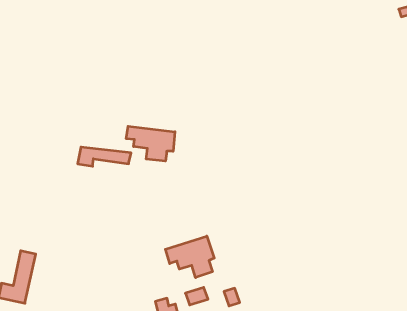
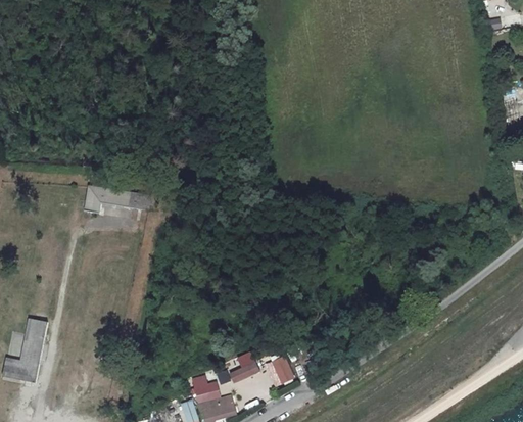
building: [126,126,175,161] -> none
building: [165,236,214,278] -> none

